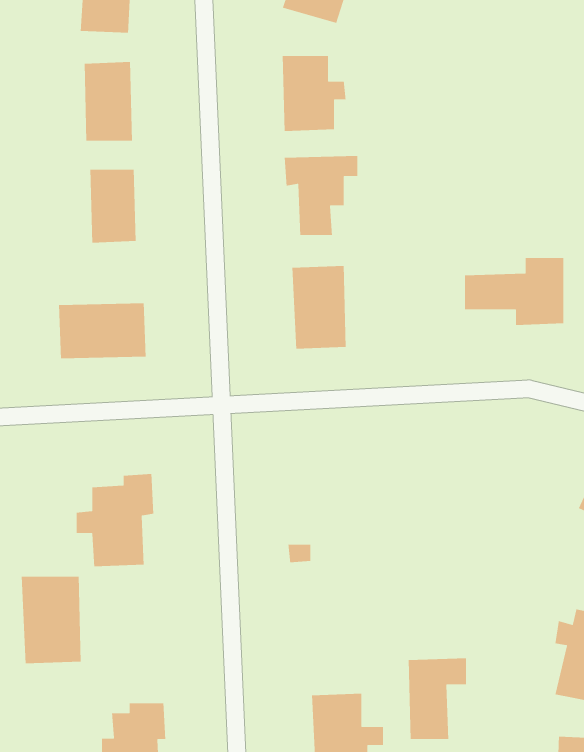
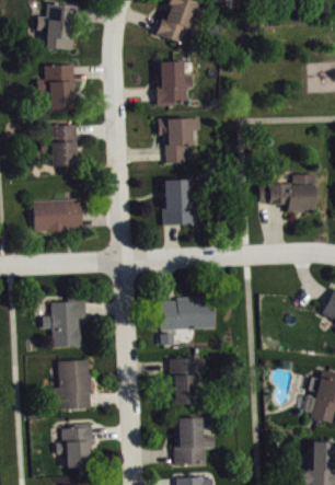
building: none -> [160,298,215,330]
building: [21,576,82,664] -> [58,360,92,409]
building: [408,658,467,740] -> [173,358,206,404]

